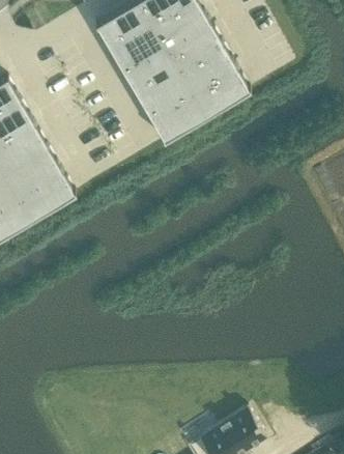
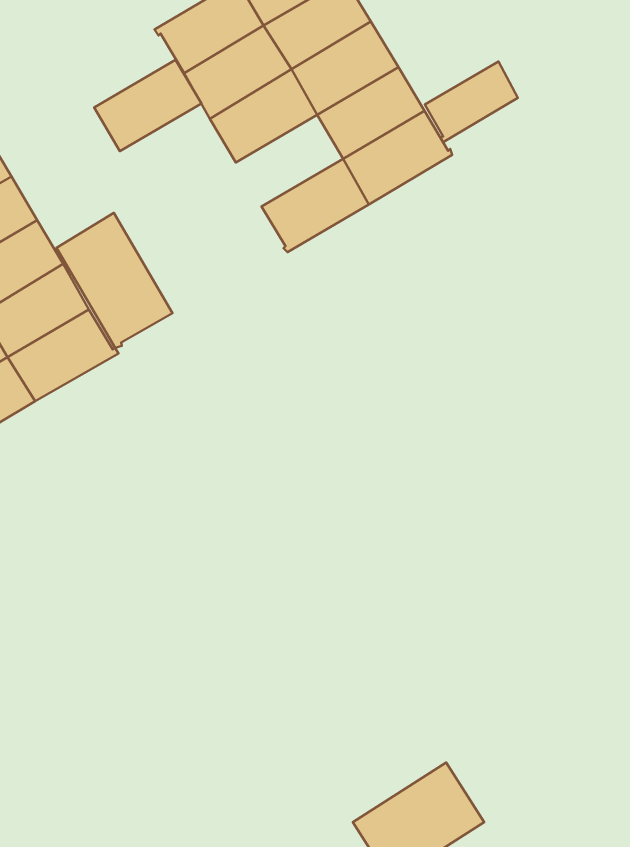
building: none -> [425,61,518,142]
building: [137,70,193,118] -> [94,60,201,151]
building: none -> [56,213,172,348]

